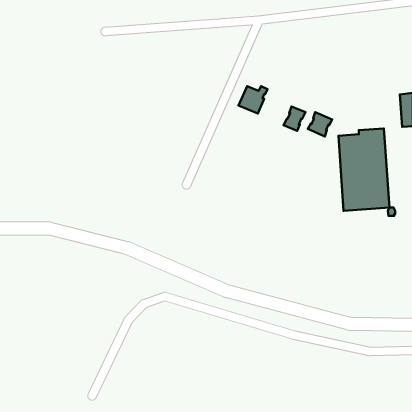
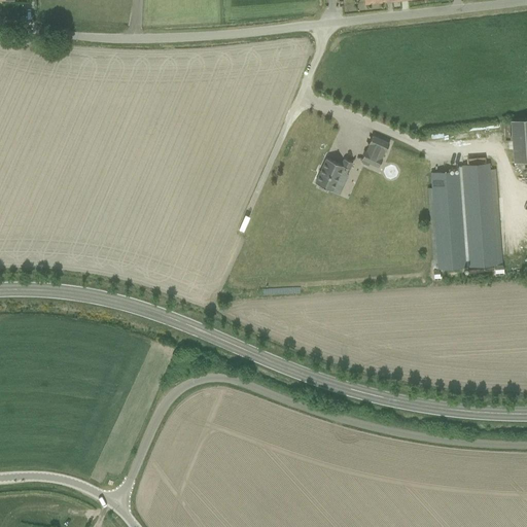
building: [238,86,268,114] -> [316,160,353,195]
building: [308,112,332,137] -> none

